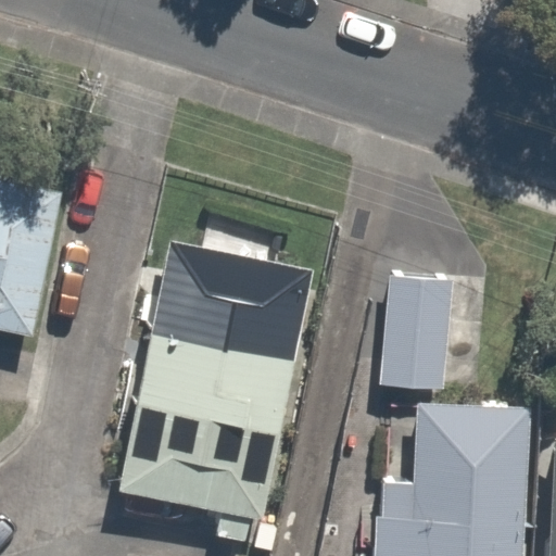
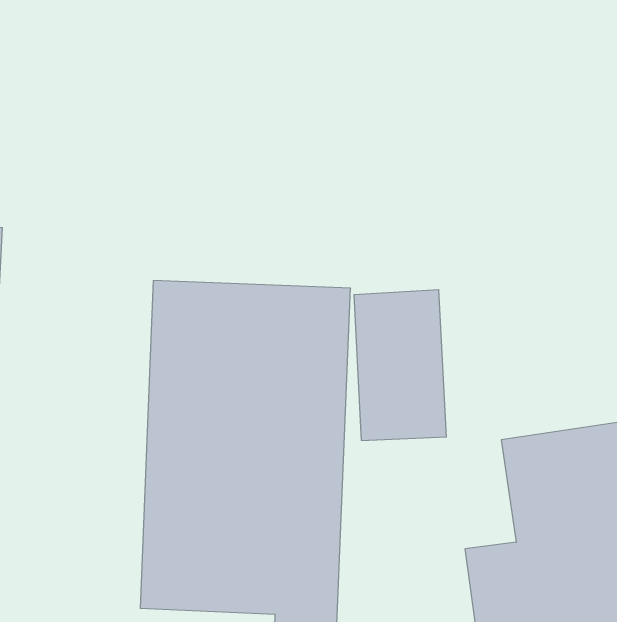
building: [379,274,455,391] -> [354,290,446,440]

